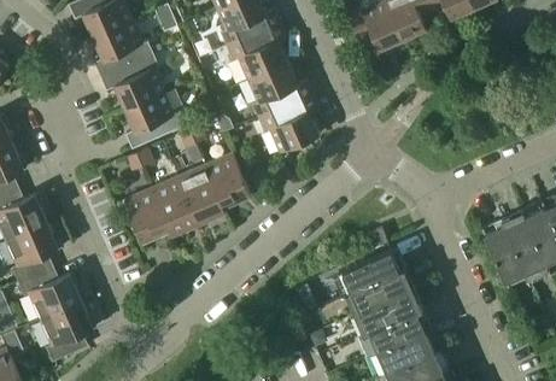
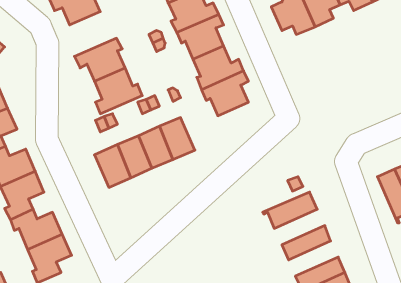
building: [93,20,152,77] -> none
building: [351,270,415,315] -> none
building: [369,310,432,354] -> none

